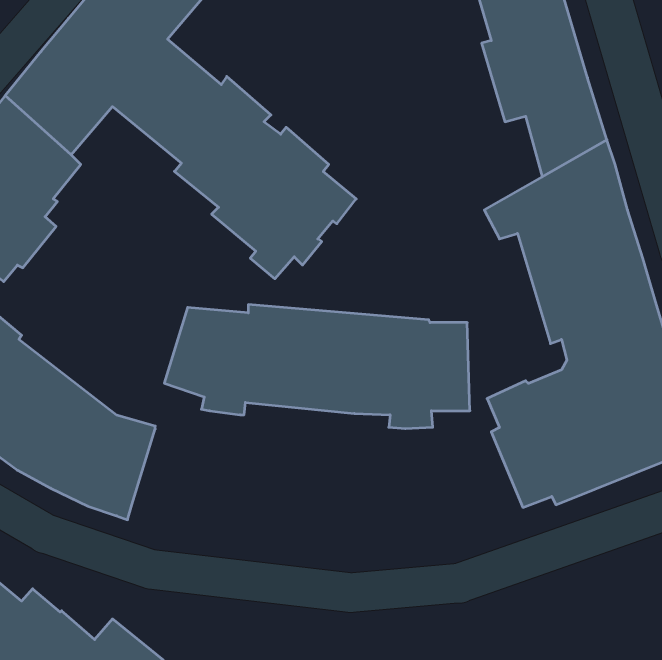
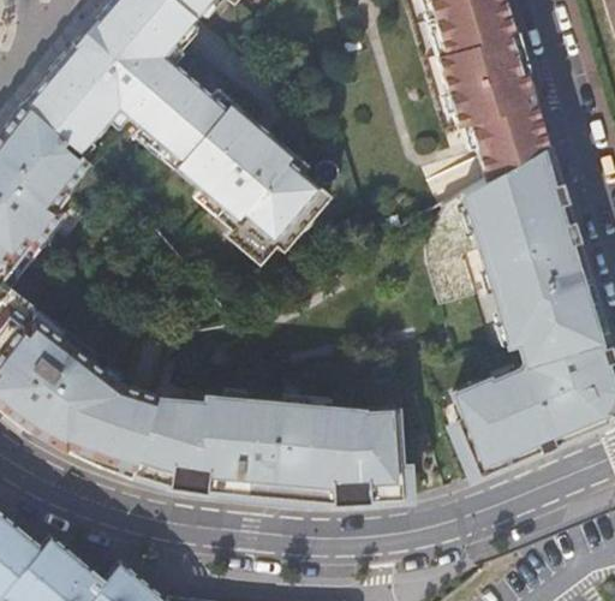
building: [164,305,470,429] -> [133,394,400,502]

